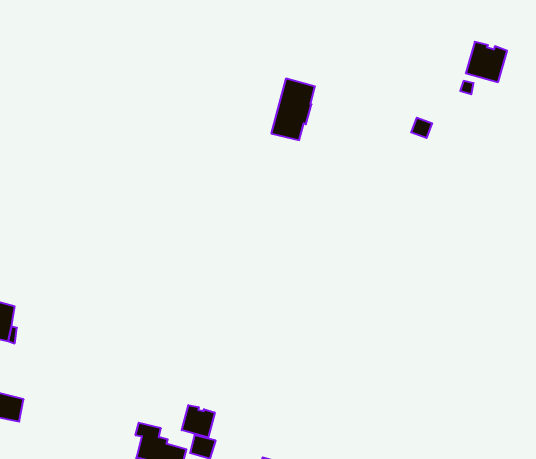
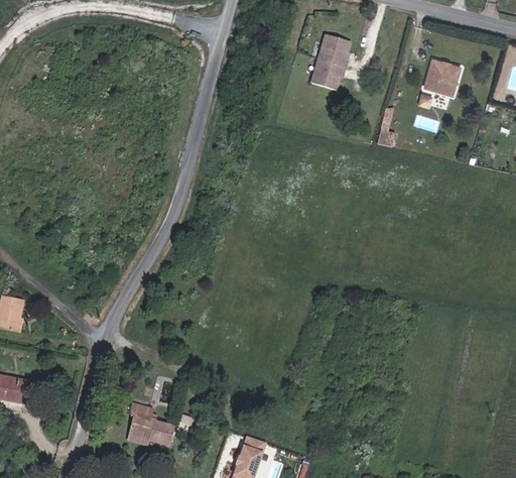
building: [271,79,315,140] -> [312,33,352,89]
building: [182,405,215,437] -> none

